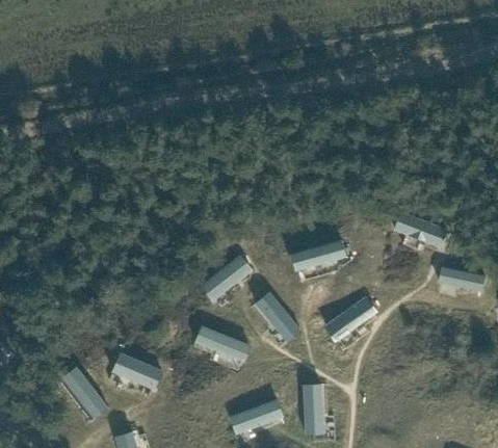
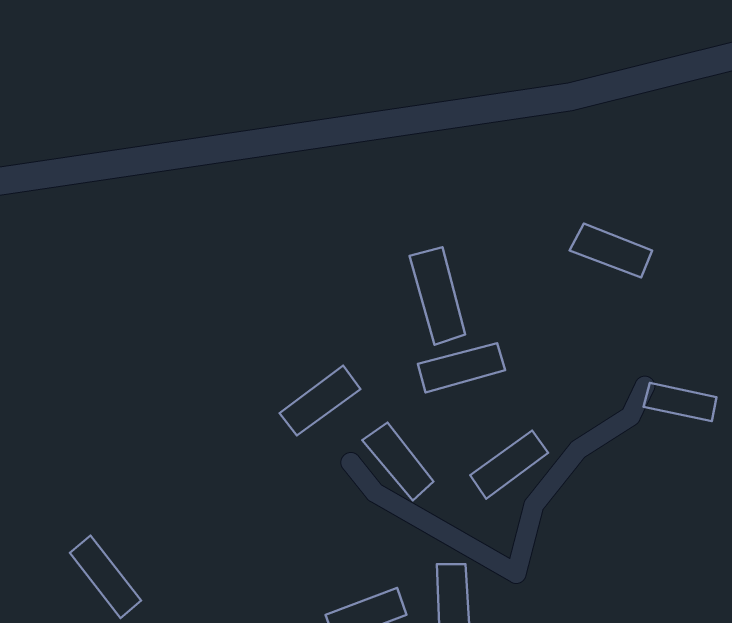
building: none -> [410,247,465,345]
building: [394,212,448,247] -> [570,224,652,278]
building: [194,326,251,363] -> none
building: [111,354,162,390] -> none

